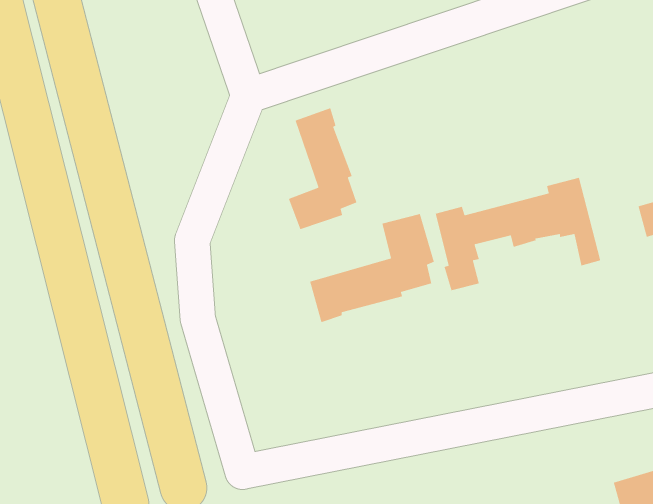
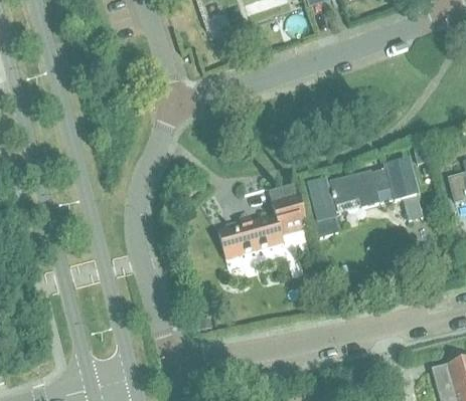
building: [288,107,358,230] -> none

